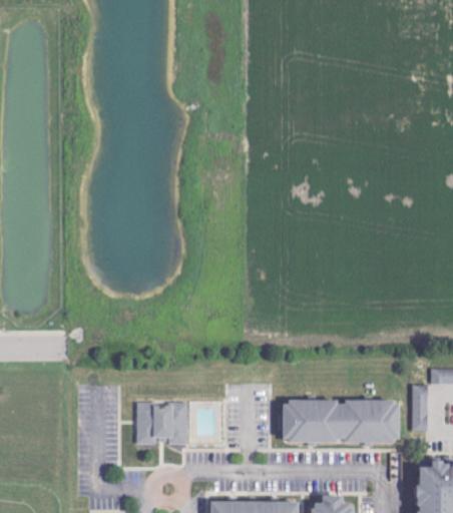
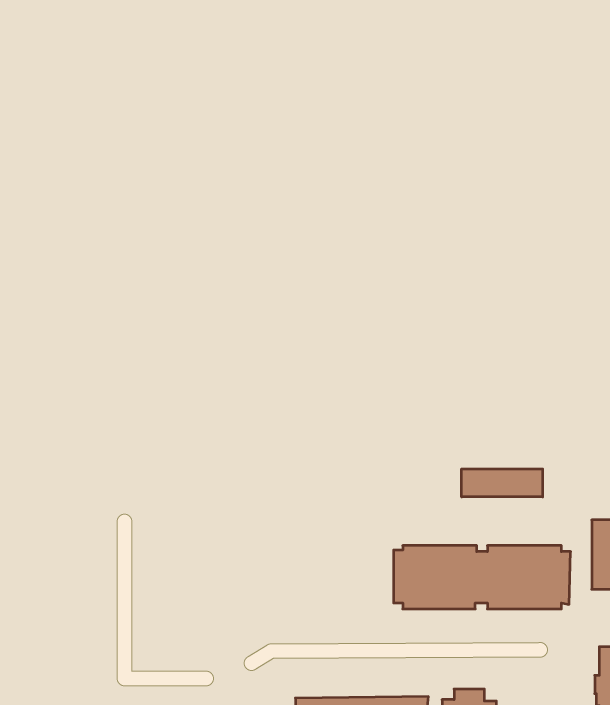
building: none -> [462,469,543,497]
building: [141,402,192,444] -> none

